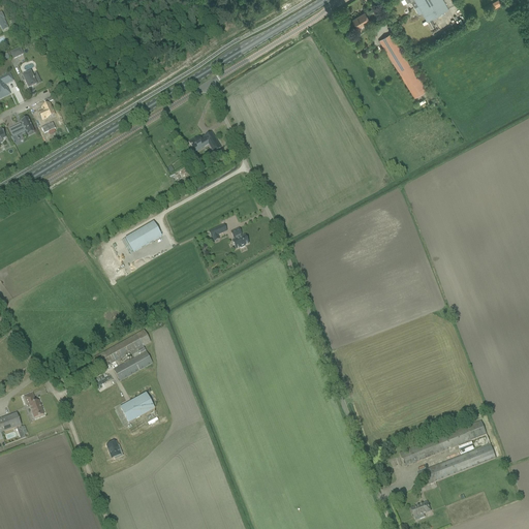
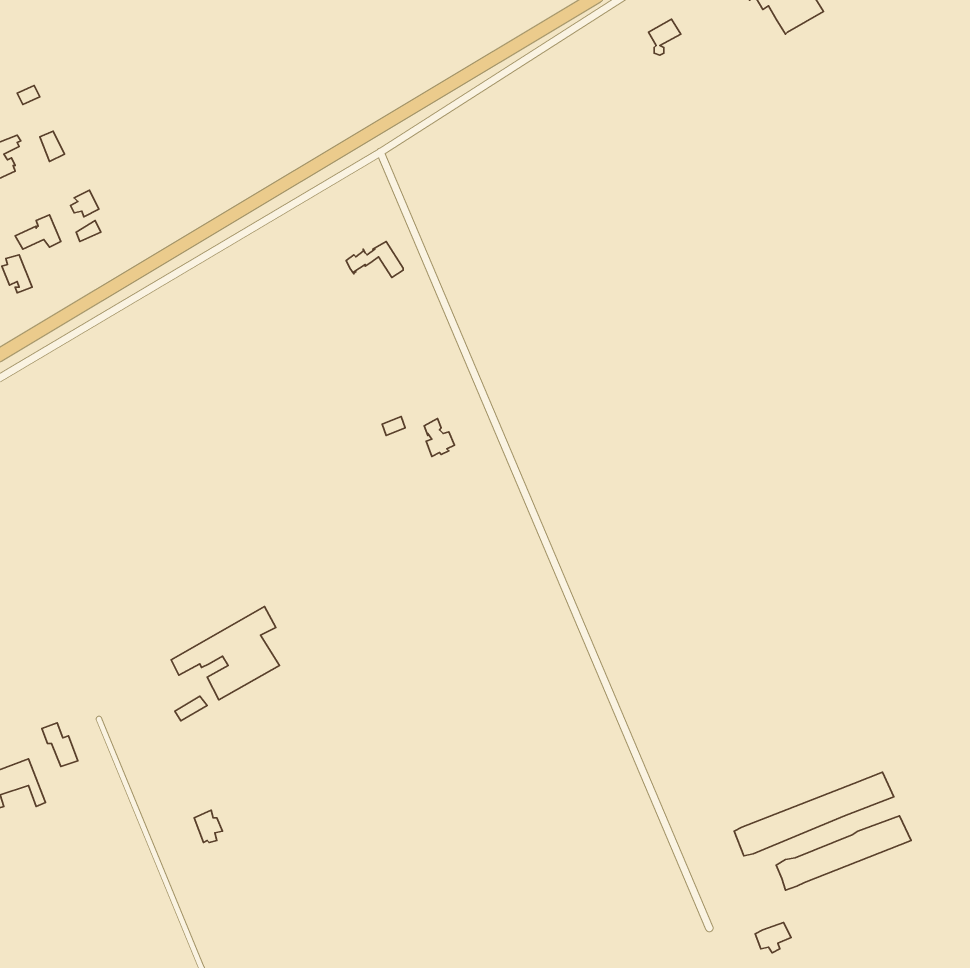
building: [378,30,426,95] -> none
building: [124,221,160,252] -> none
building: [119,392,153,422] -> none

